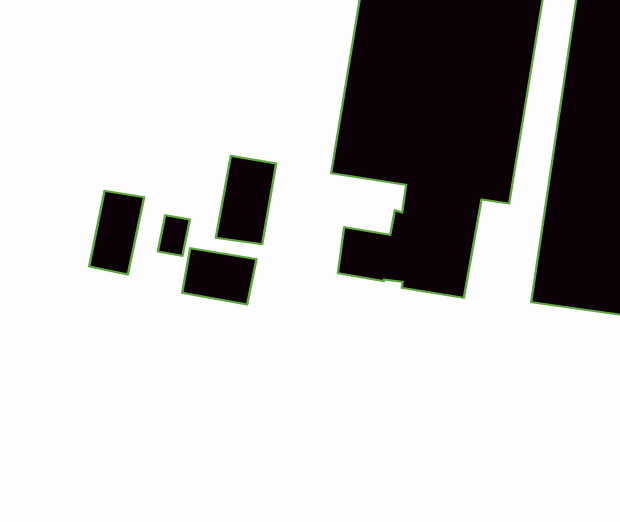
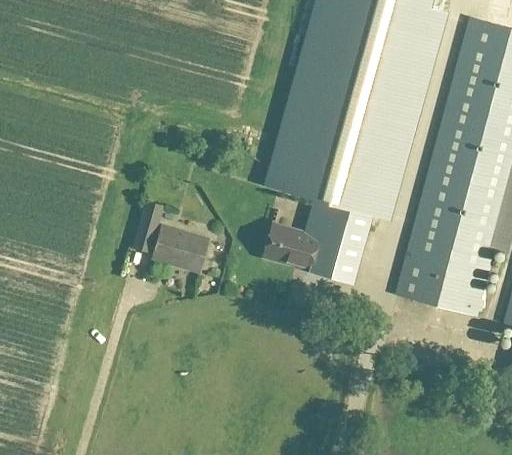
building: [216,156,276,244] -> none
building: [89,191,144,274] -> none

